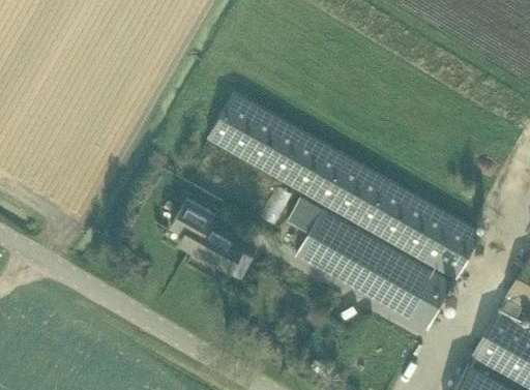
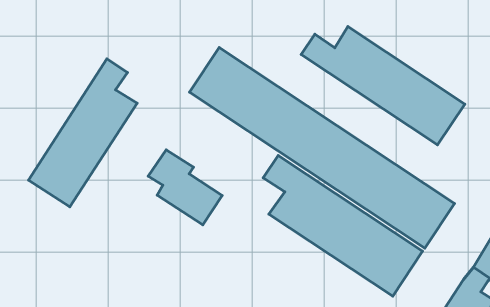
building: none -> [301,26,465,145]
building: none -> [28,59,137,207]

